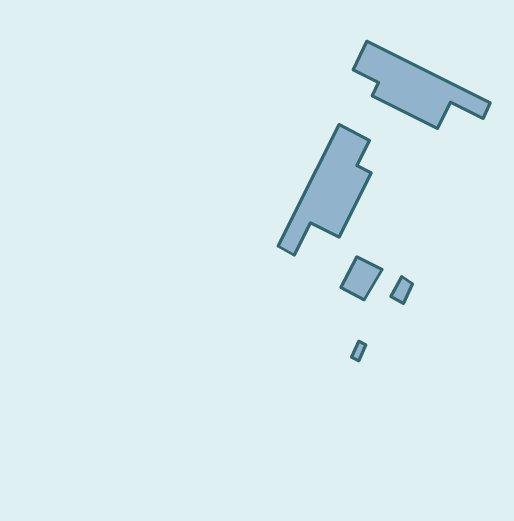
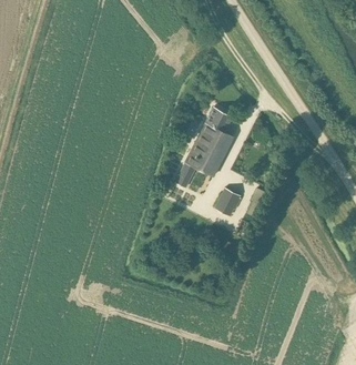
building: [353,41,490,128] -> none

